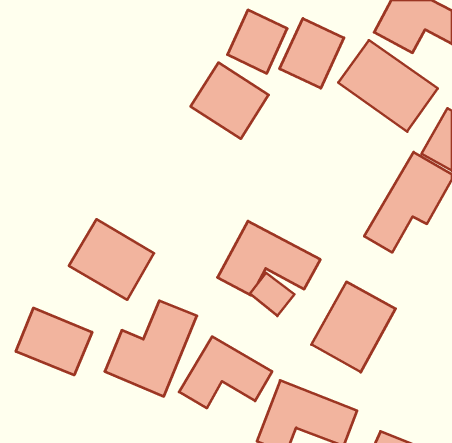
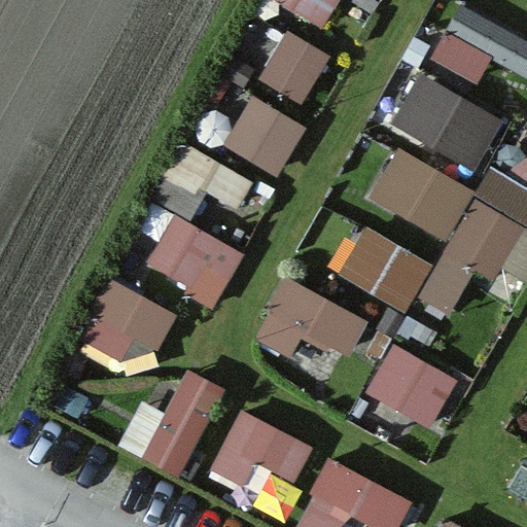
building: [280,18,344,88] -> none
building: none -> [365,139,473,236]
building: none -> [138,204,246,302]
building: none -> [332,218,431,305]
building: [16,308,92,375] -> none

